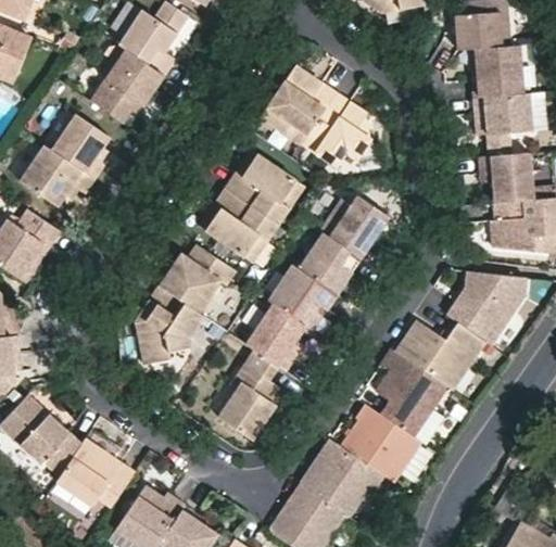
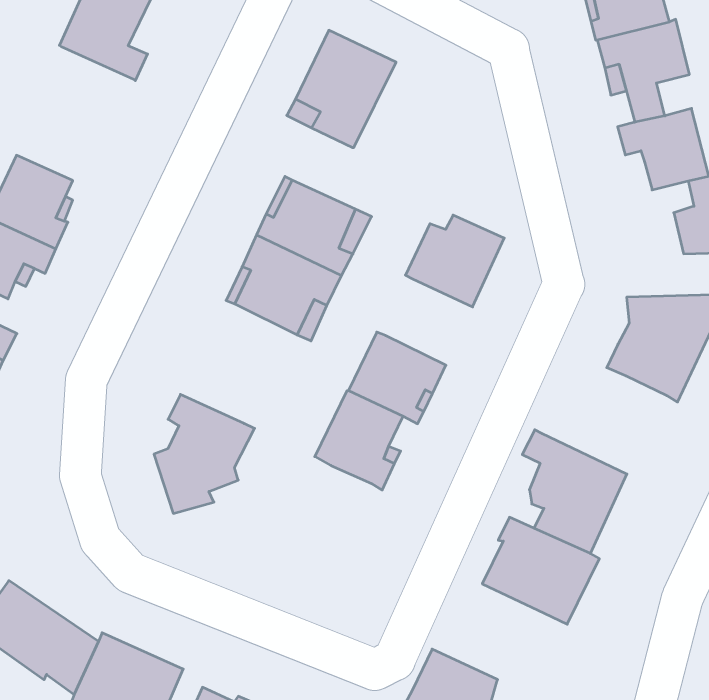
building: [89,44,162,122] -> none
building: [301,90,376,166] -> none
building: [302,236,363,296] -> none
building: [160,246,237,314] -> none
building: [395,320,482,387] -> none
building: [214,351,277,443] -> none
building: [300,437,378,512] -> none

